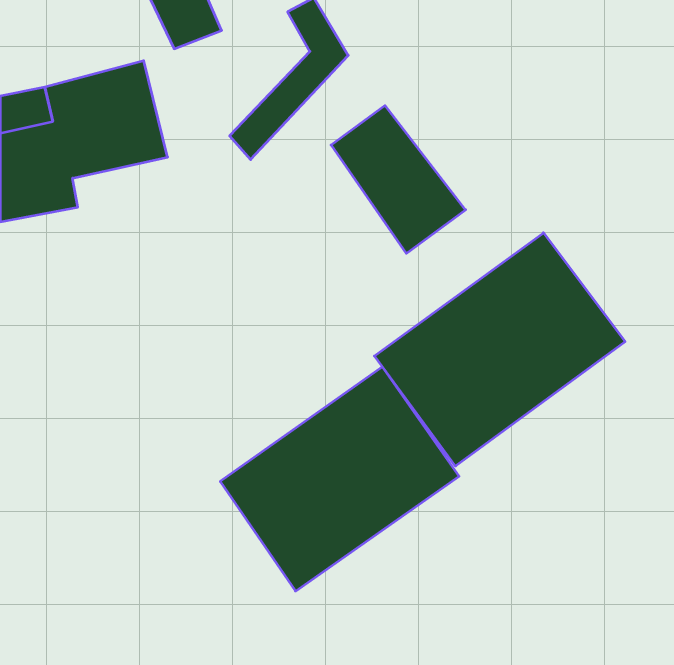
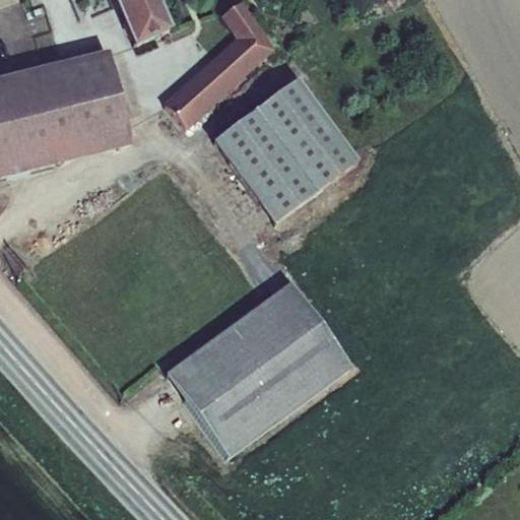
building: none -> [217,112,313,221]
building: none -> [56,121,133,159]
building: [374,233,625,466] -> none

